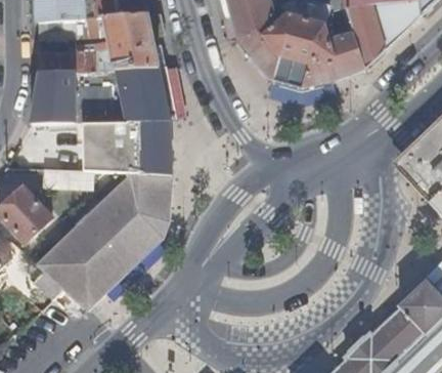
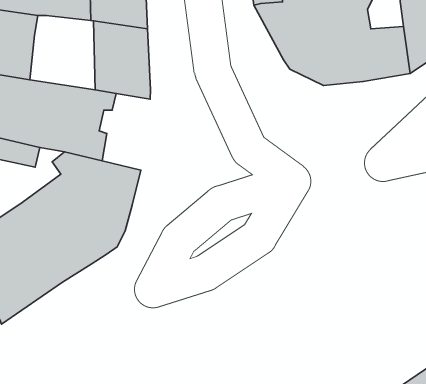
building: [75,69,128,122] -> none
building: [142,121,173,176] -> none

